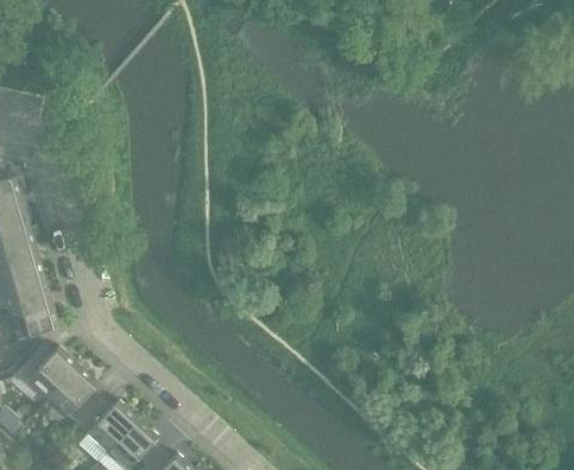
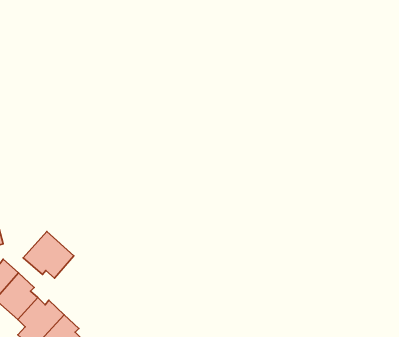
building: none -> [23,231,74,278]

